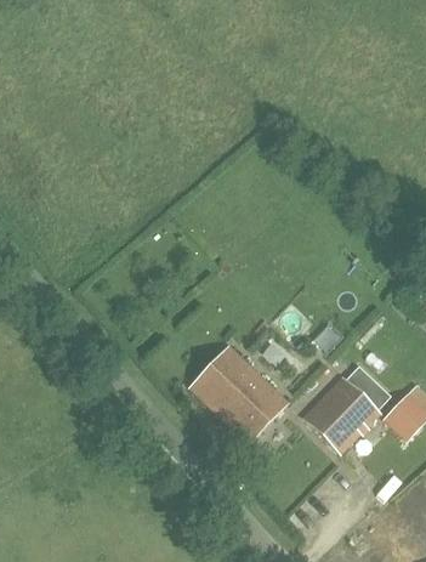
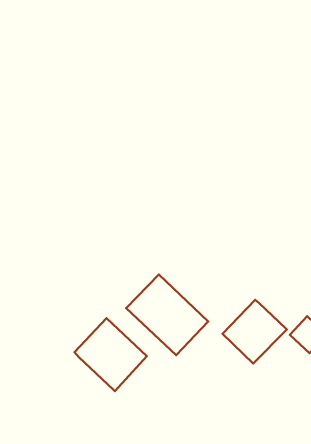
building: none -> [75,318,147,391]

